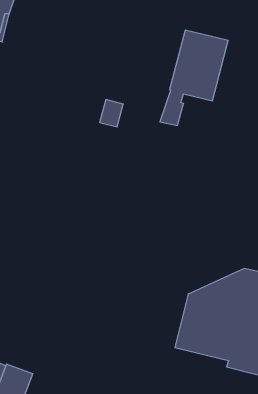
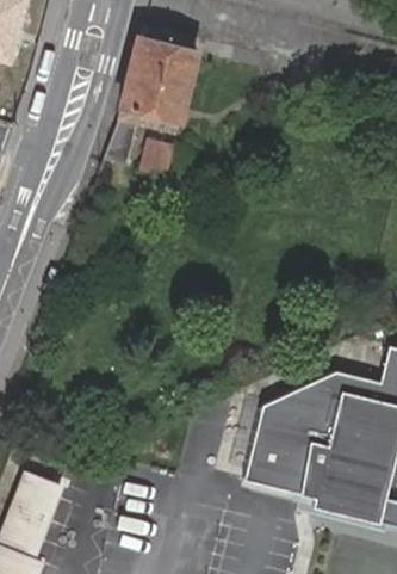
building: [160,30,228,125] -> [106,38,199,168]
building: none -> [17,475,63,514]

